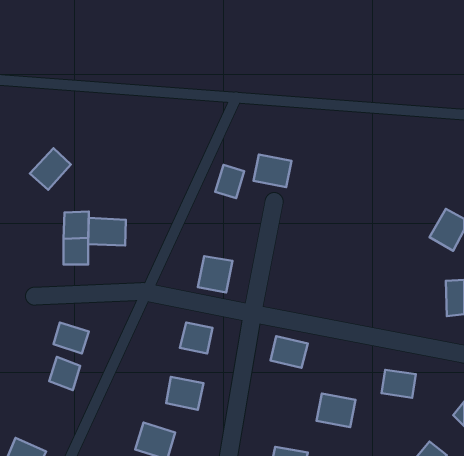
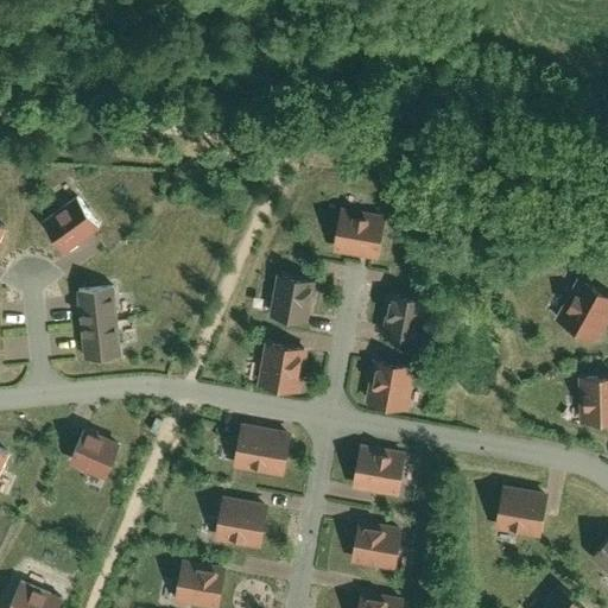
building: [215,165,244,198] -> [273,276,311,319]
building: none -> [385,294,424,341]
building: [88,218,126,246] -> none
building: none -> [366,363,407,407]
building: [49,357,80,390] -> none
building: [317,393,356,427] -> [349,524,400,568]

